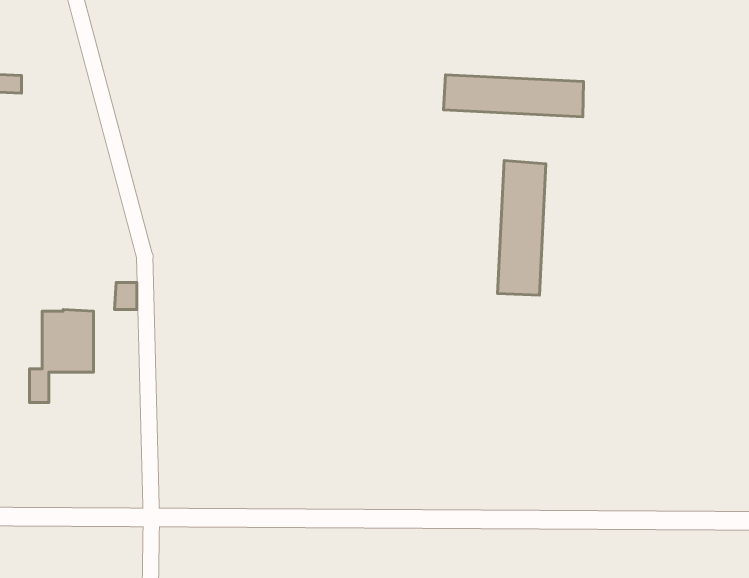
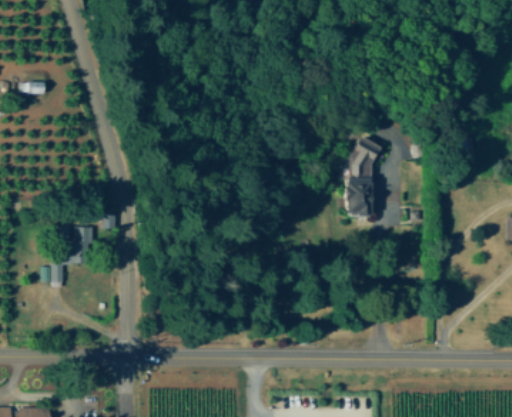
building: [443,75,583,117] -> none

